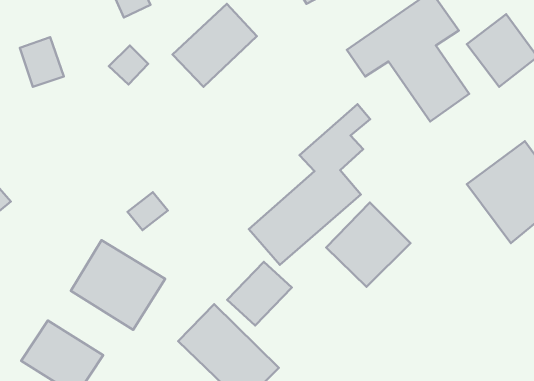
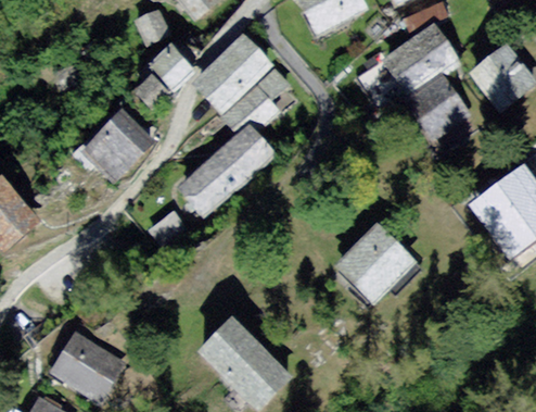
building: none -> [148,42,196,91]
building: none -> [81,108,157,184]
building: [249,104,370,265] -> [174,70,288,221]
building: [71,240,165,330] -> none
building: [227,262,292,326] -> none

